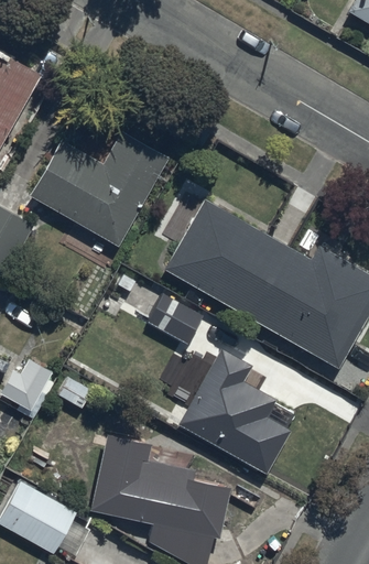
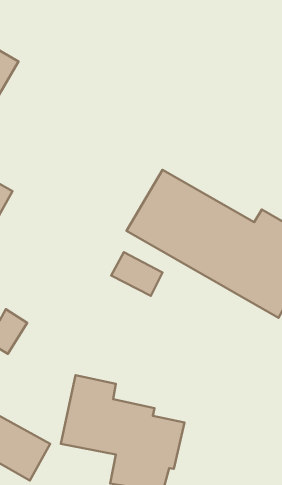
building: [29,130,169,247] -> none
building: [175,345,300,475] -> none

